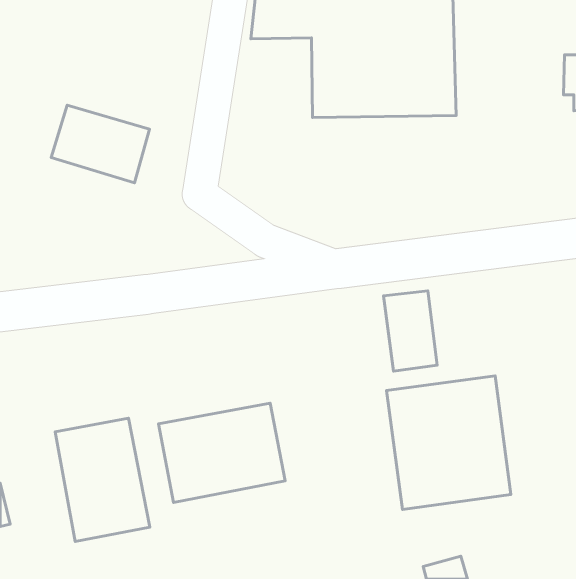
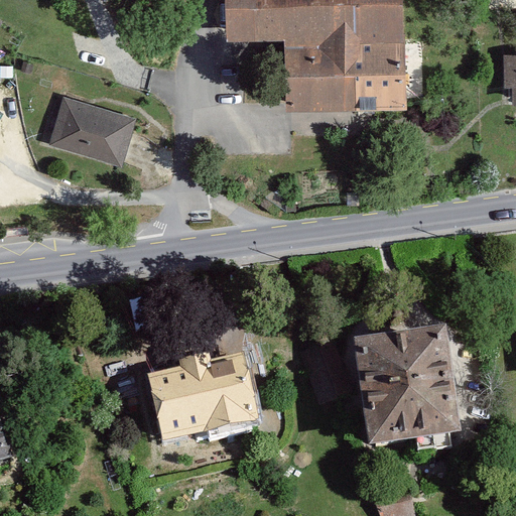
building: [383,291,437,371] -> none
building: [55,418,150,541] -> none

